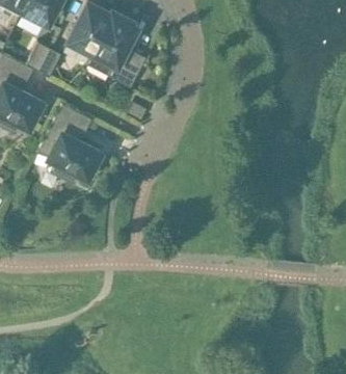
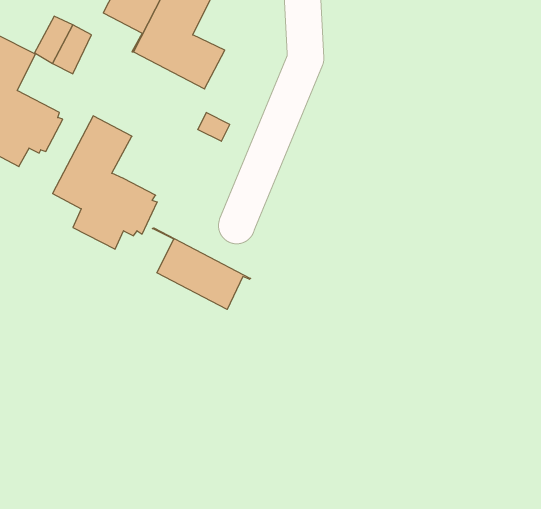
building: none -> [152,228,251,309]

